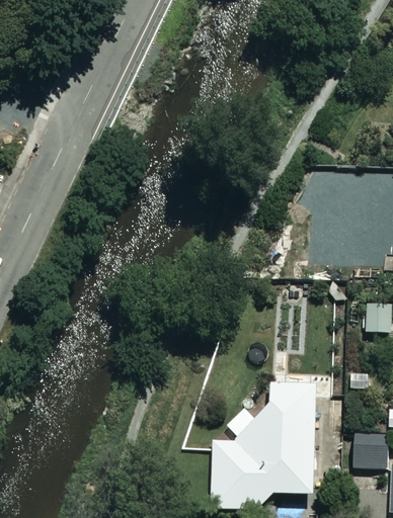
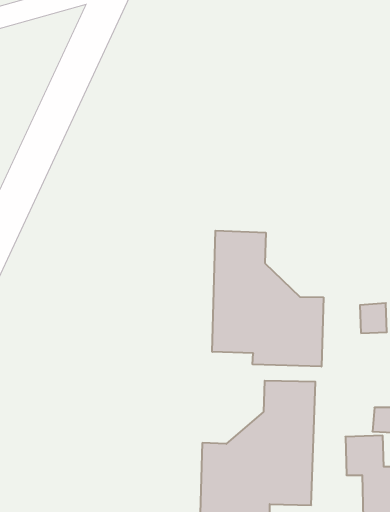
building: none -> [212,231,323,367]

